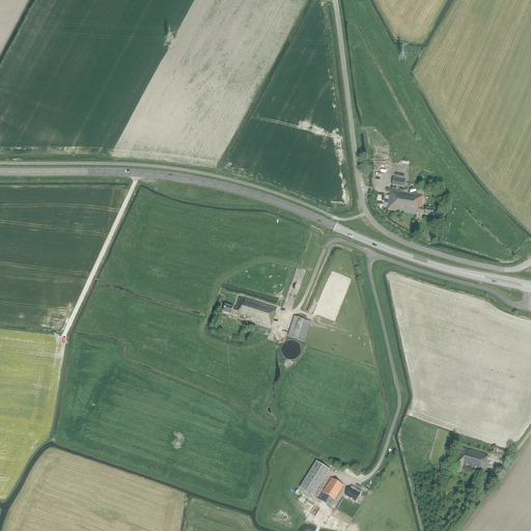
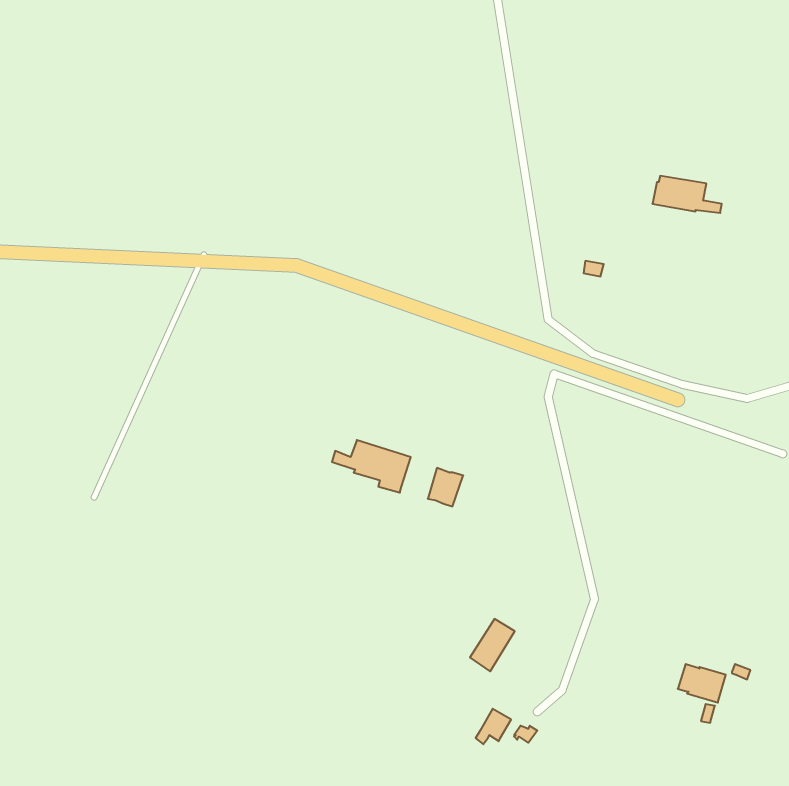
building: [387,189,434,214] -> [652,176,722,213]
building: [300,459,330,495] -> [470,619,515,671]

